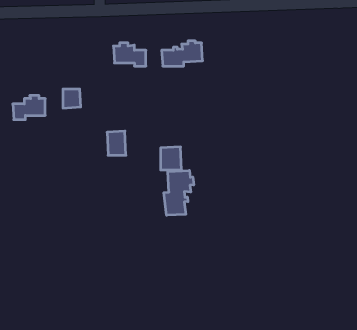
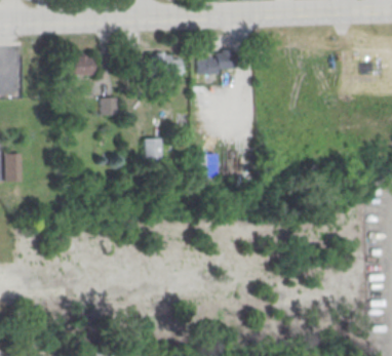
building: [13,96,45,120] -> [63,55,94,79]
building: [164,170,194,215] -> none

